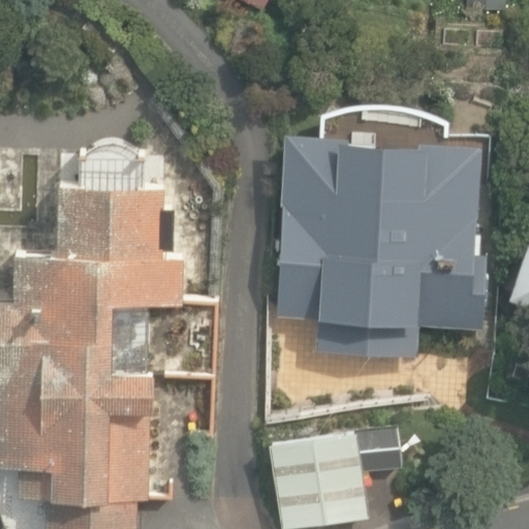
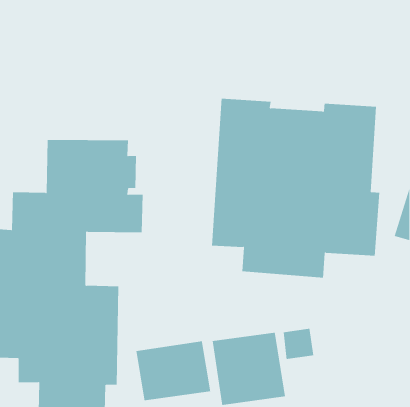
building: none -> [136,340,211,401]

